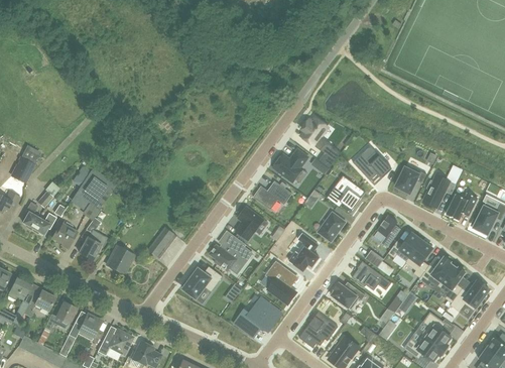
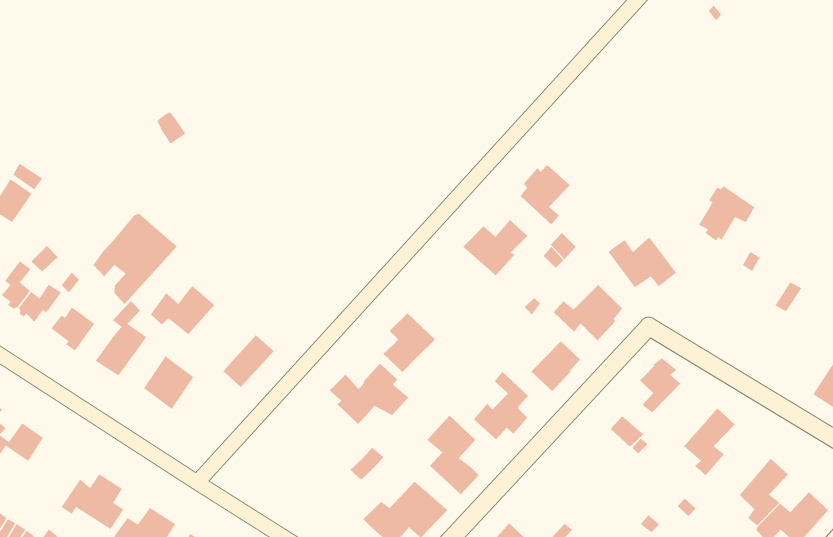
building: [395,162,425,194] -> [698,185,755,242]
building: [422,176,448,206] -> none
building: [252,179,291,209] -> none
building: [446,192,477,219] -> none
building: none -> [150,285,215,335]
building: [387,232,421,262] -> none
building: [418,255,454,285] -> none
building: [351,260,391,289] -> none
building: [182,265,222,297] -> none
building: [331,282,365,309] -> none
building: [43,300,76,329] -> none

